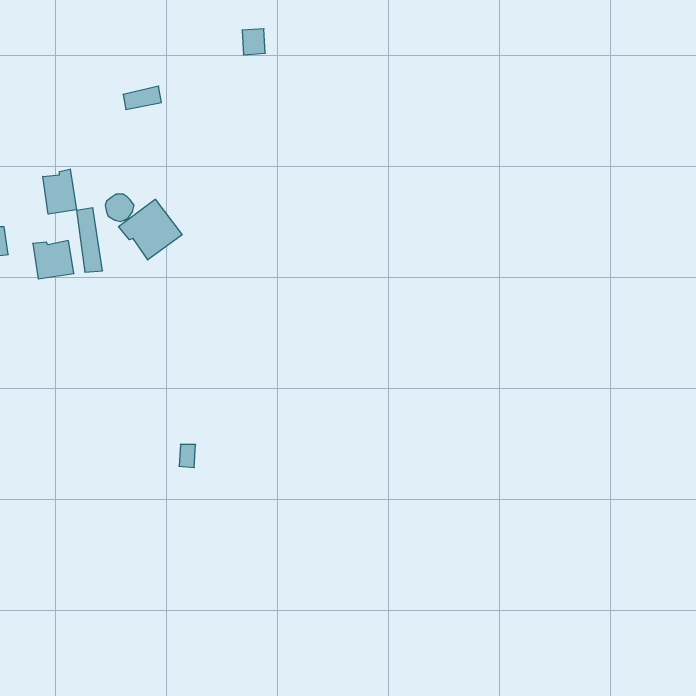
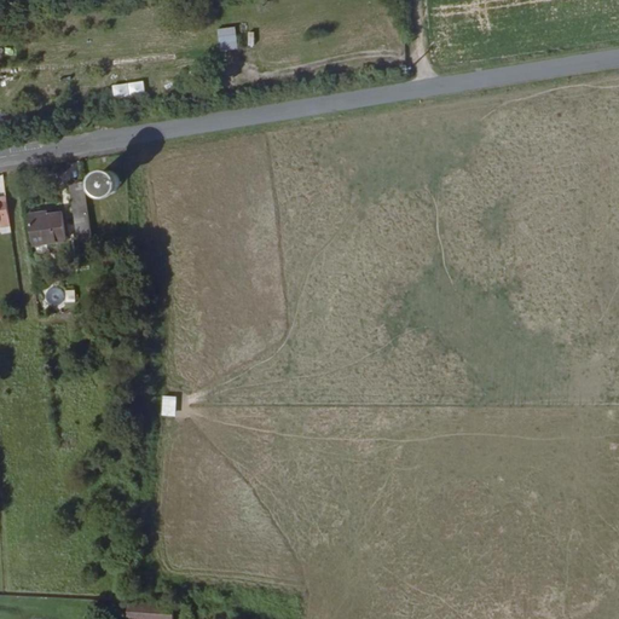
building: [43,169,76,214] -> none
building: [119,199,182,260] -> none

